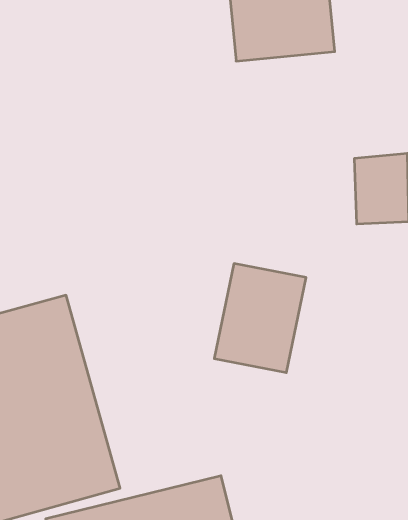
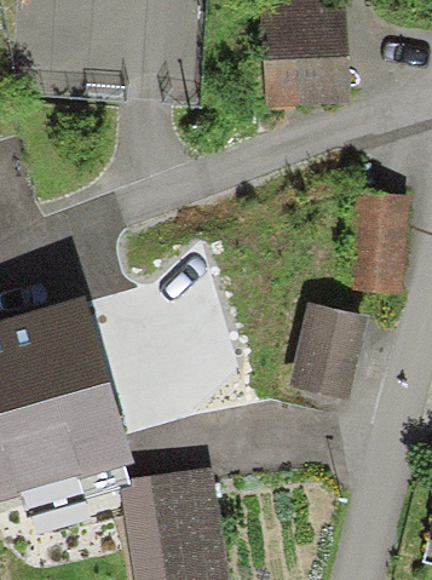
building: [214,264,306,373] -> [288,304,380,409]

